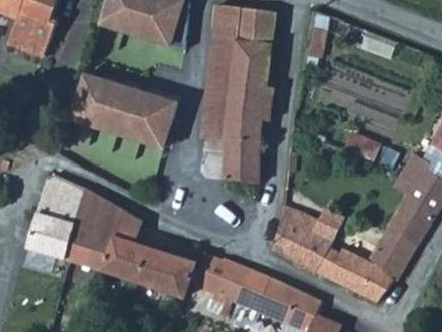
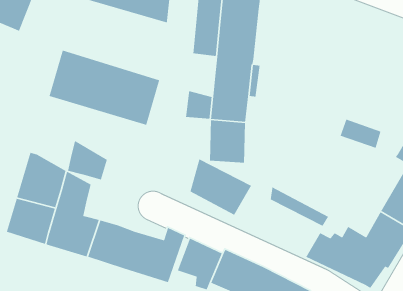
building: [203,76,231,117] -> none
building: [103,202,142,241] -> [67,140,108,180]
building: [273,217,333,272] -> [190,158,252,216]

